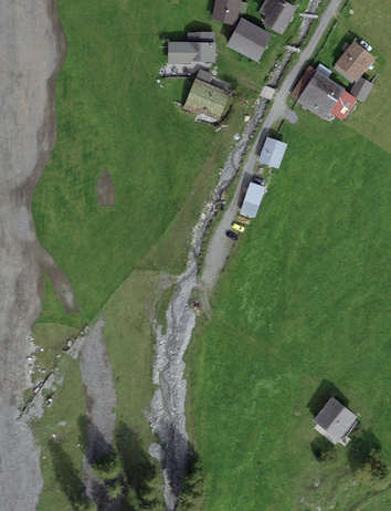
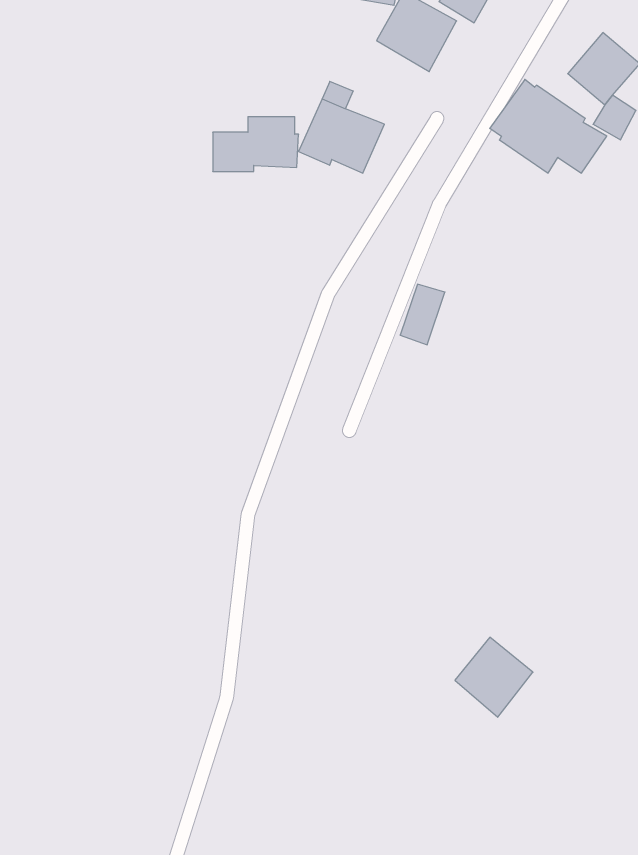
building: [168,33,216,64] -> [213,117,299,171]
building: [258,137,287,169] -> none
building: [313,396,357,441] -> [455,637,533,717]

